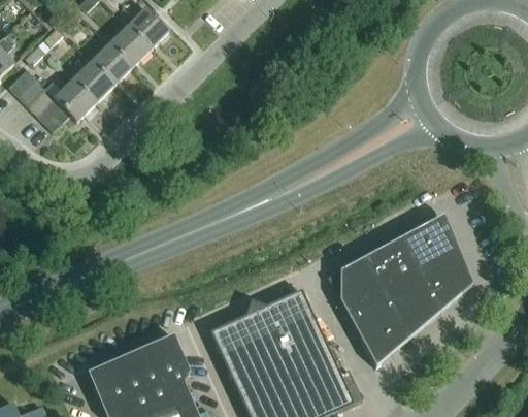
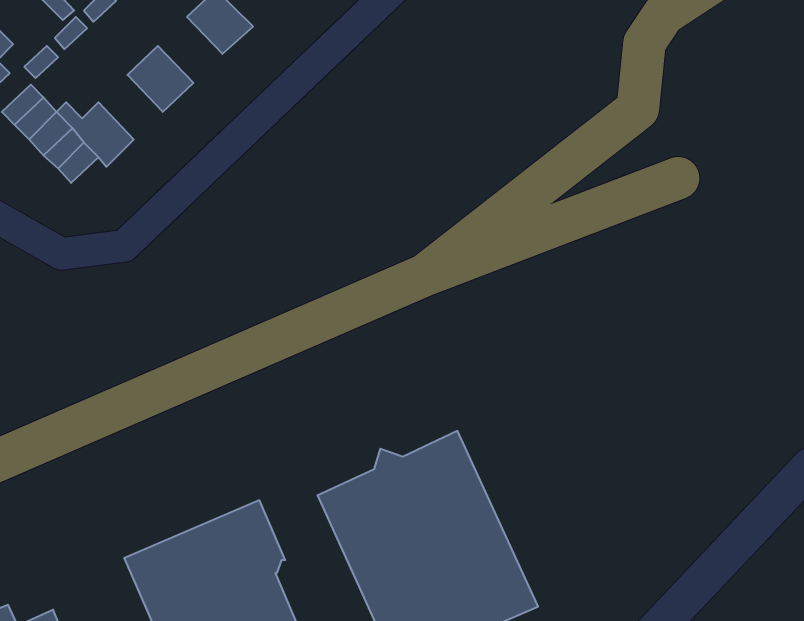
building: [109,26,151,68] -> none
building: [71,63,112,104] -> none
building: [336,212,471,364] -> none

